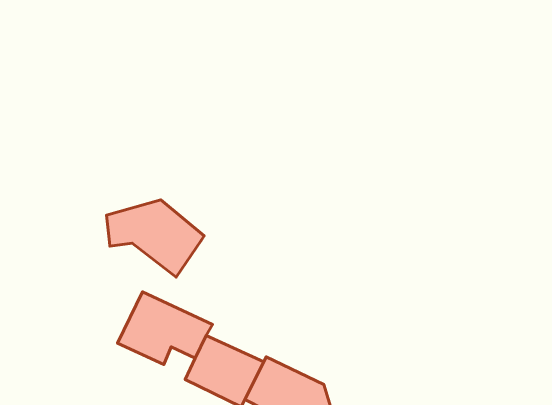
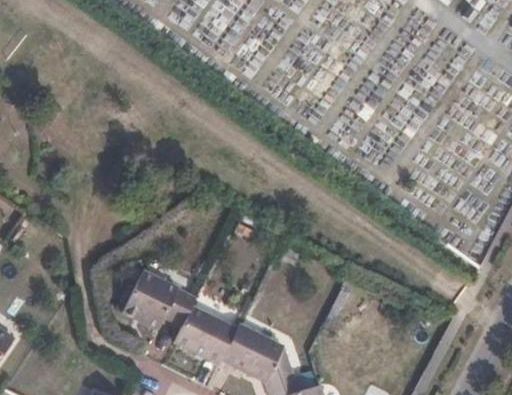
building: [107,200,204,277] -> none

